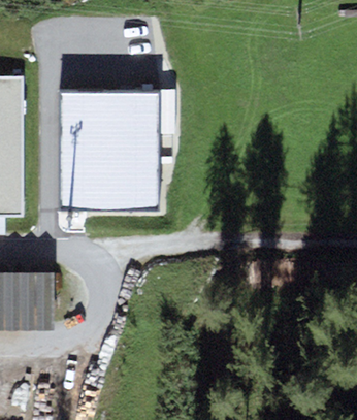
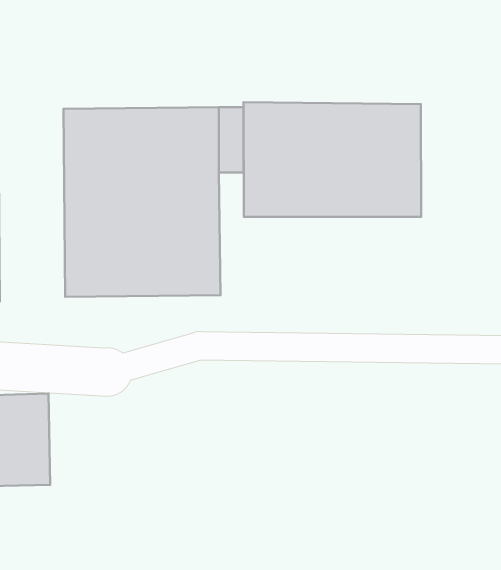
building: none -> [243,102,421,217]

